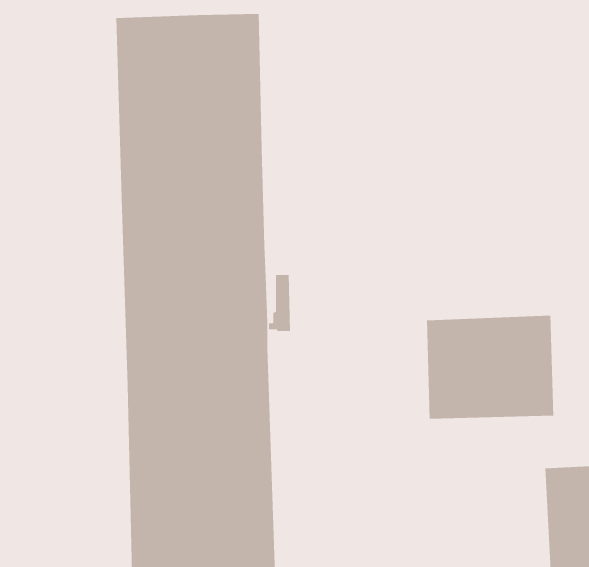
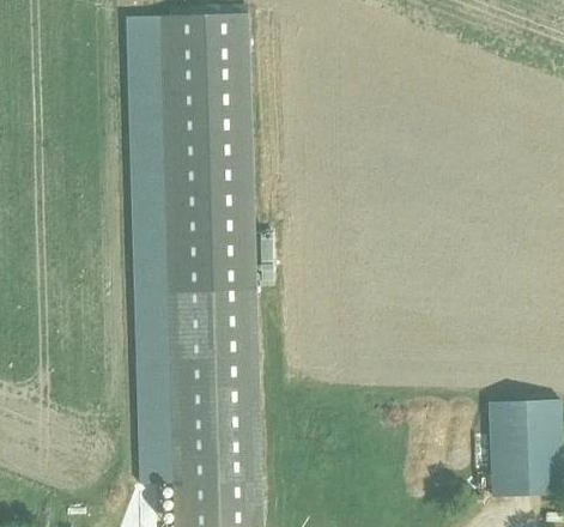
building: [426,315,554,420] -> none

